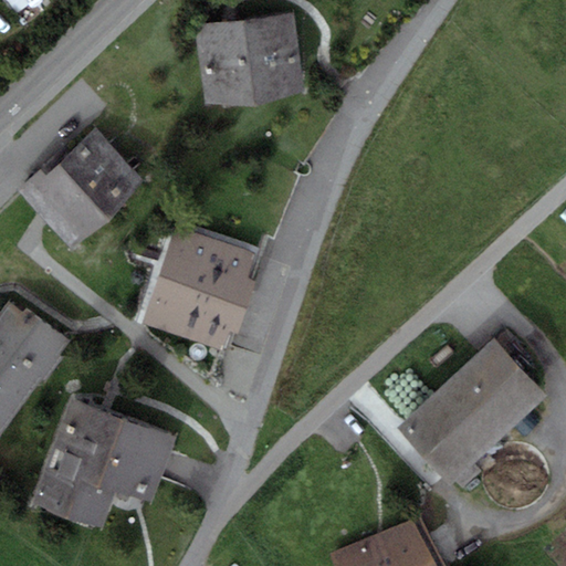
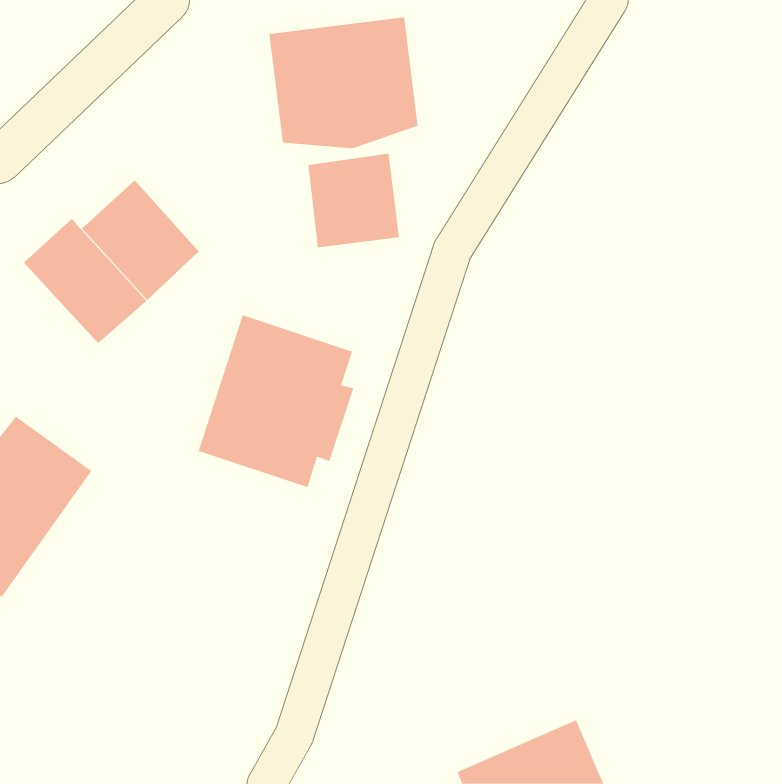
building: none -> [308,153,400,248]
building: [397,338,546,485] -> none
building: [32,399,175,527] -> none

